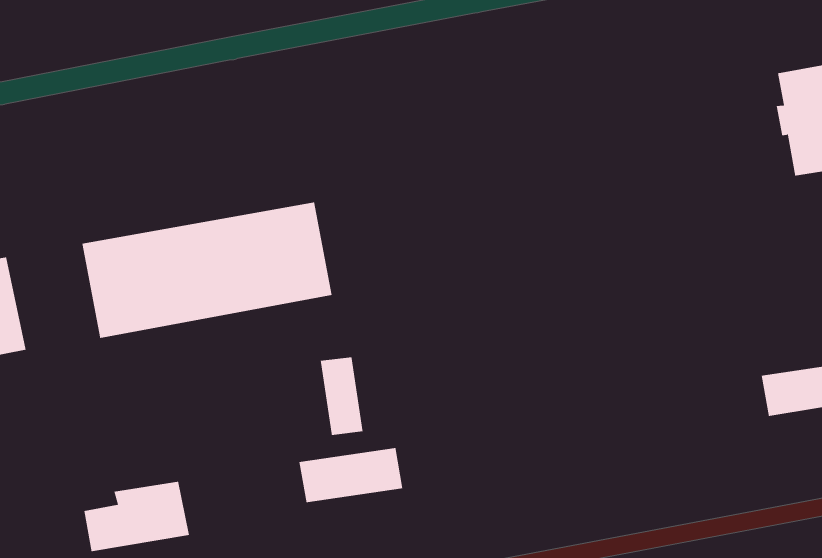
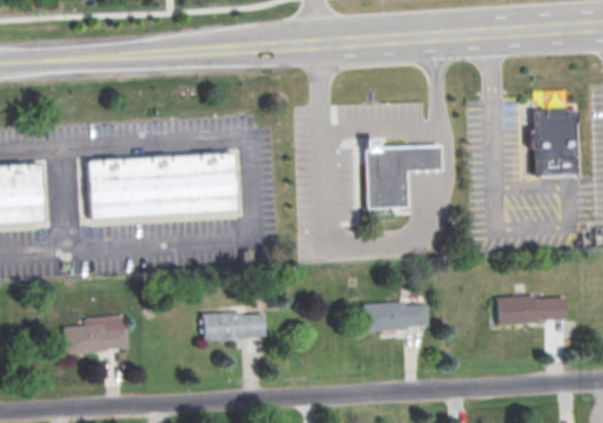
building: none -> [366,137,442,207]
building: [320,356,363,436] -> none
building: none -> [366,301,431,329]

